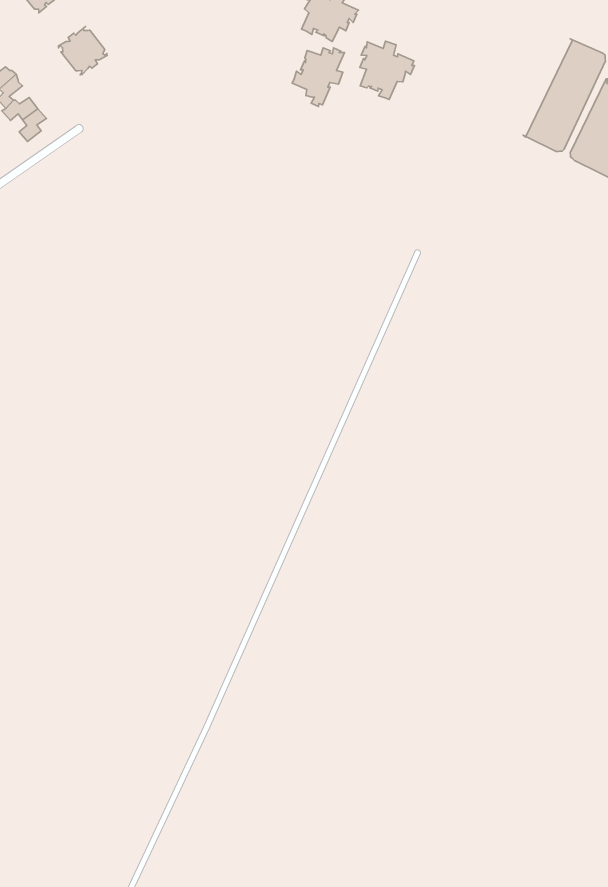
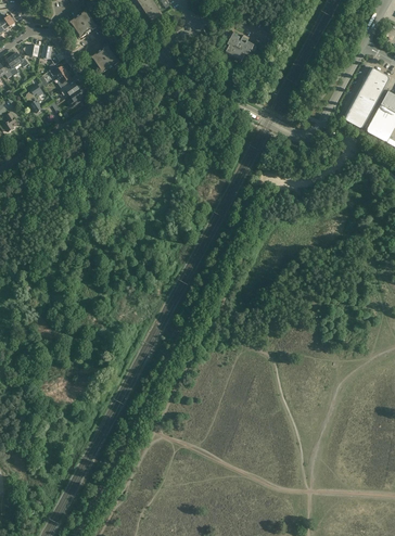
building: [360,41,415,100] -> none
building: [292,48,344,106] -> none

